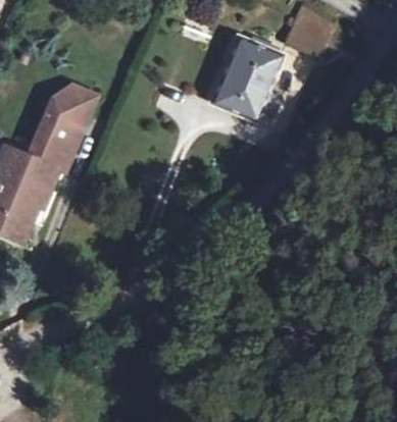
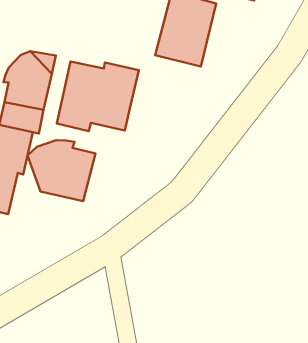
building: none -> [57,61,139,131]
building: none -> [27,140,95,201]

